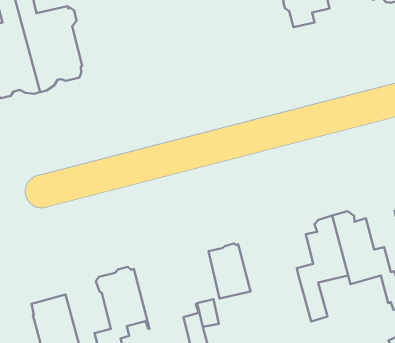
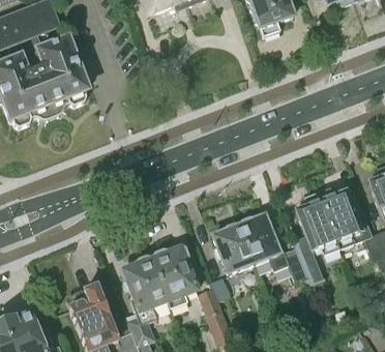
building: none -> [238,215,305,282]
building: none -> [151,246,197,307]

